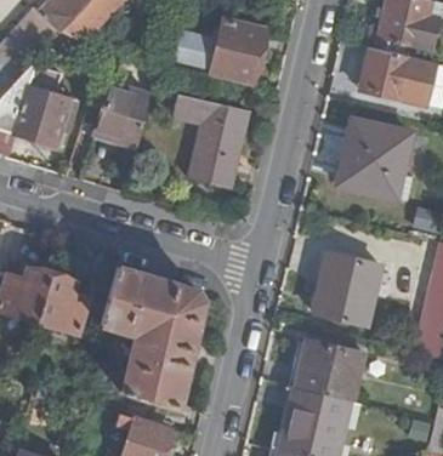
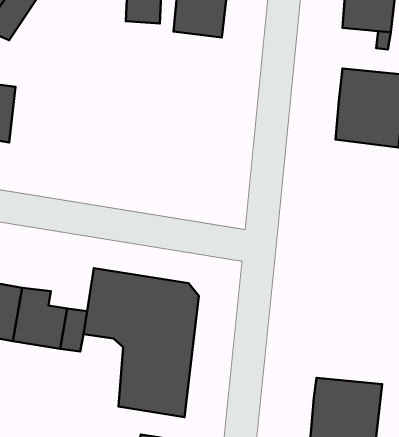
building: [96,82,150,148] -> none
building: [174,95,248,192] -> none
building: [311,255,377,324] -> none
building: [295,340,362,401] -> none

